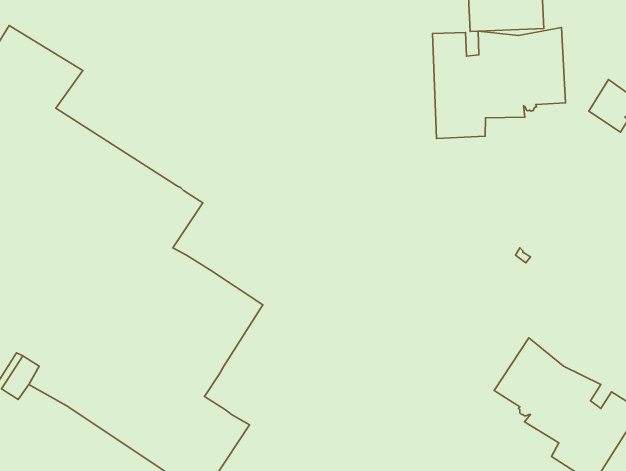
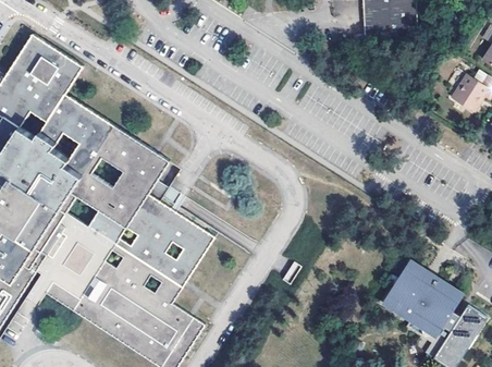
building: [433,27,566,138] -> none

